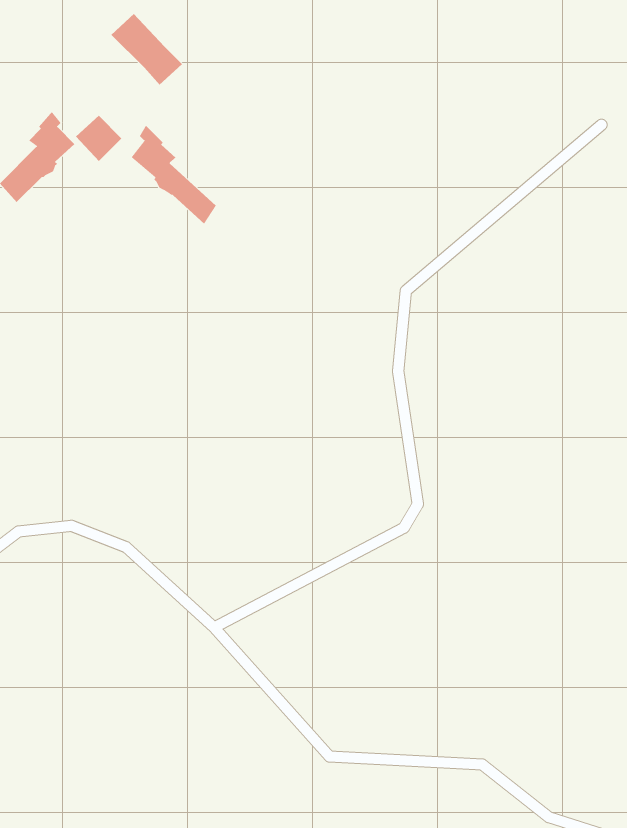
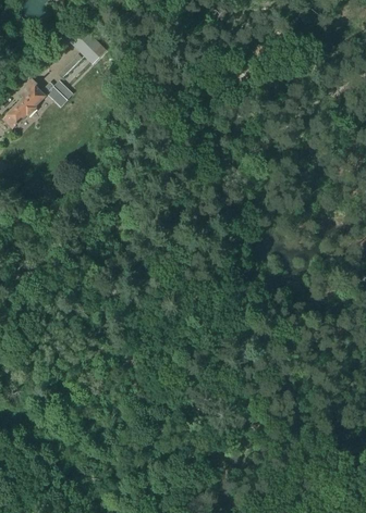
building: [131,125,217,224] -> none

